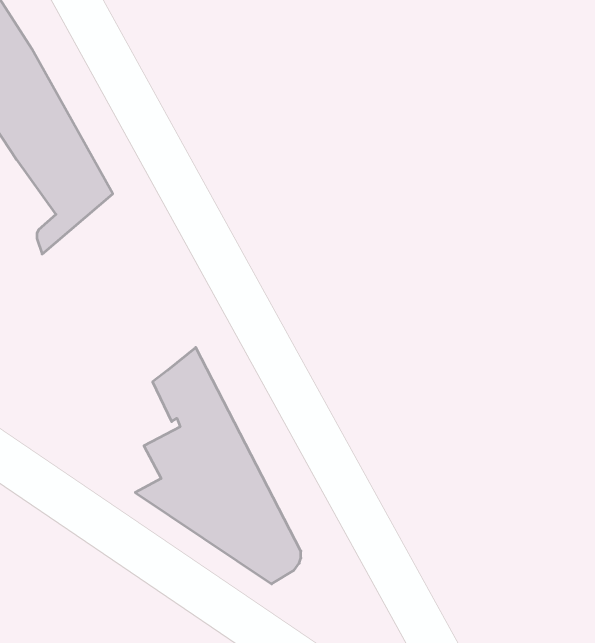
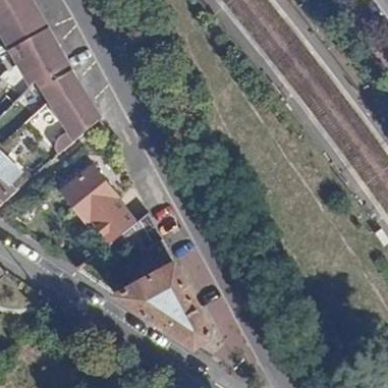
building: none -> [59,164,132,243]

